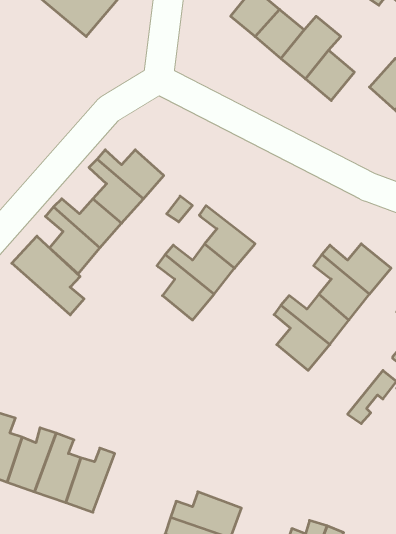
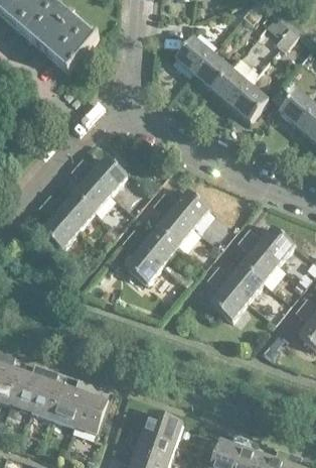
building: none -> [158,189,209,226]
building: [12,236,84,315] -> none
building: none -> [74,381,111,433]

